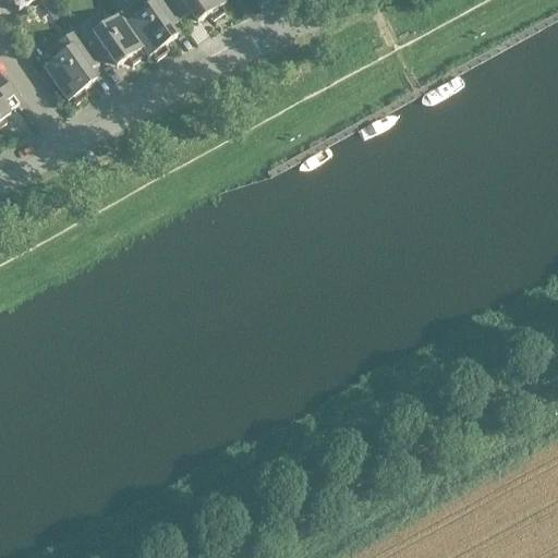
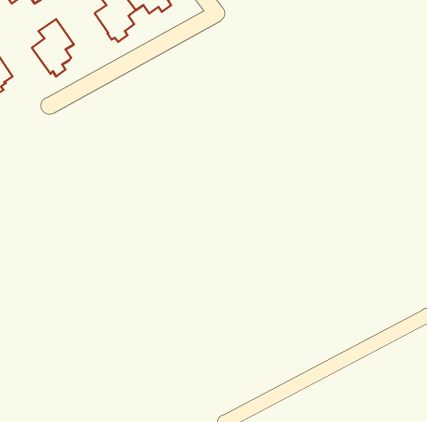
building: [73,8,142,62] -> none

